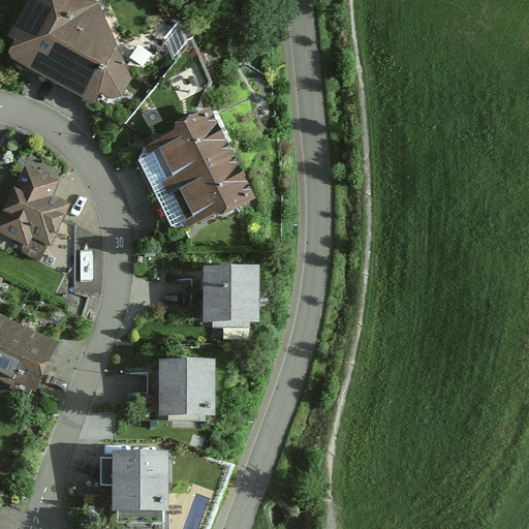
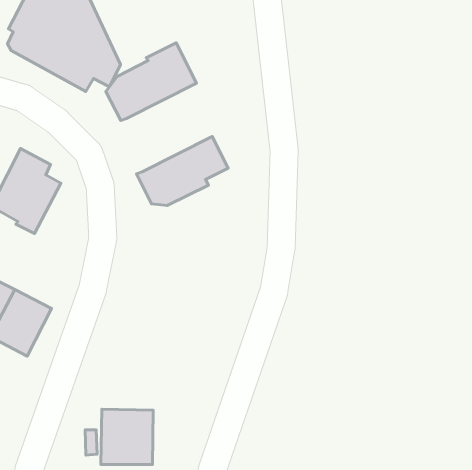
building: [134,106,235,192] -> [106,43,197,120]
building: [203,266,259,322] -> none
building: [158,361,215,418] -> none

